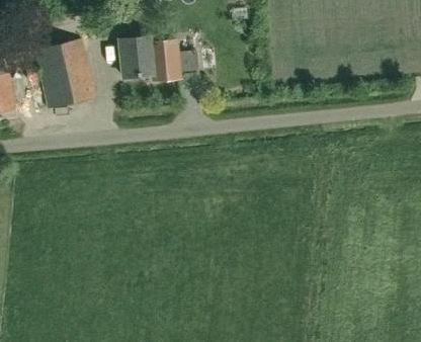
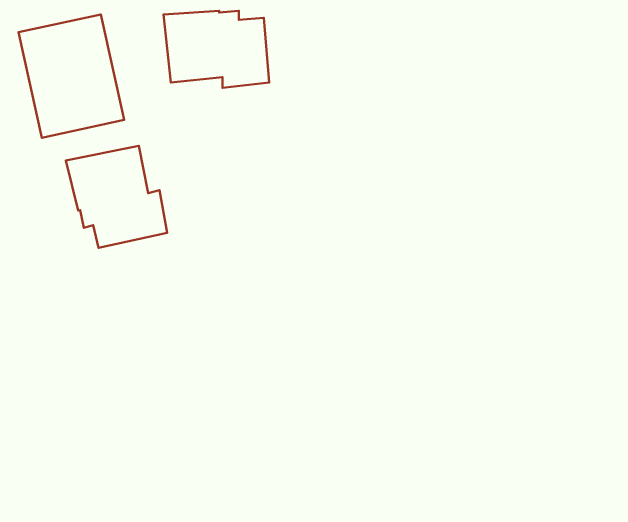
building: none -> [66,146,167,248]

